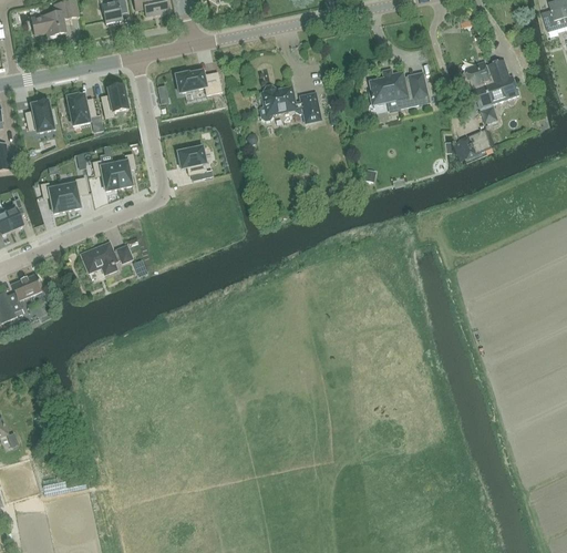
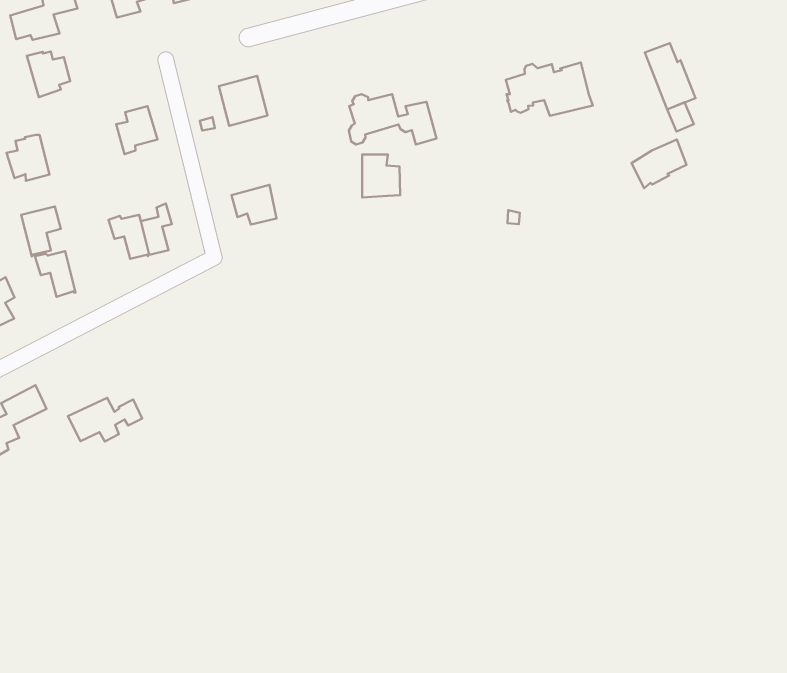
building: [488,60,518,101] -> none
building: [66,94,95,125] -> [27,51,70,97]
building: none -> [362,154,400,198]
building: [61,177,87,211] -> [21,207,61,256]
building: [81,243,132,273] -> [68,398,142,441]

